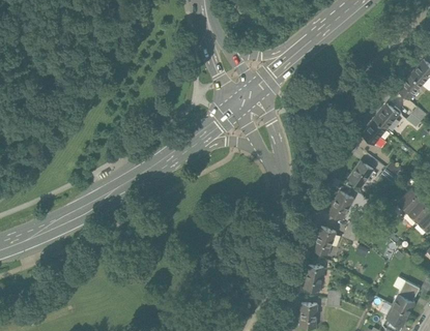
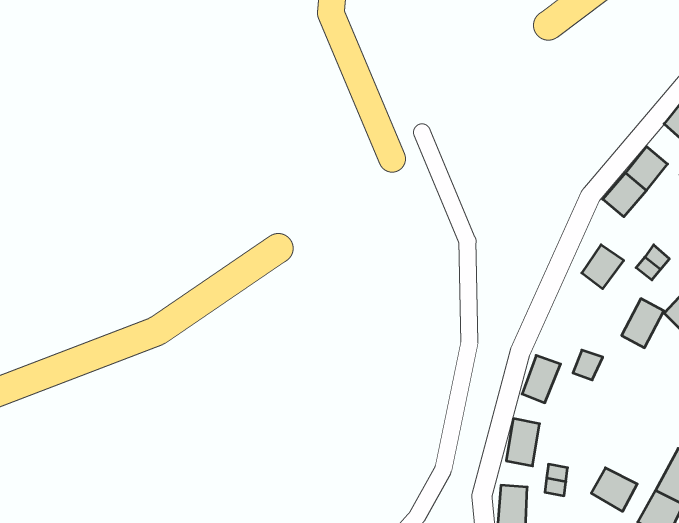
building: [328,190,353,219] -> [622,299,664,348]
building: none -> [591,468,637,511]

